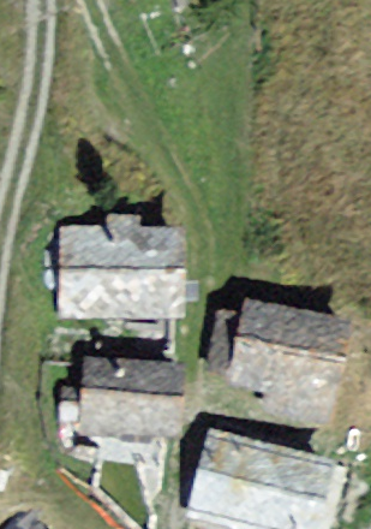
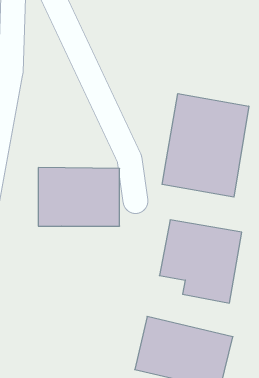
building: none -> [162,94,249,197]
building: [82,361,170,427] -> none

